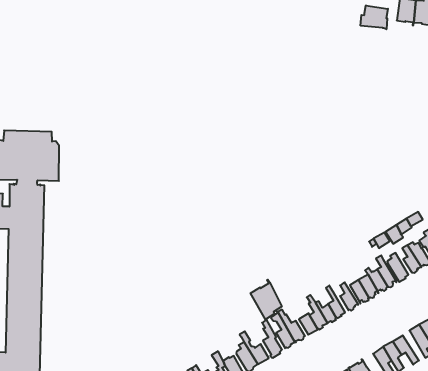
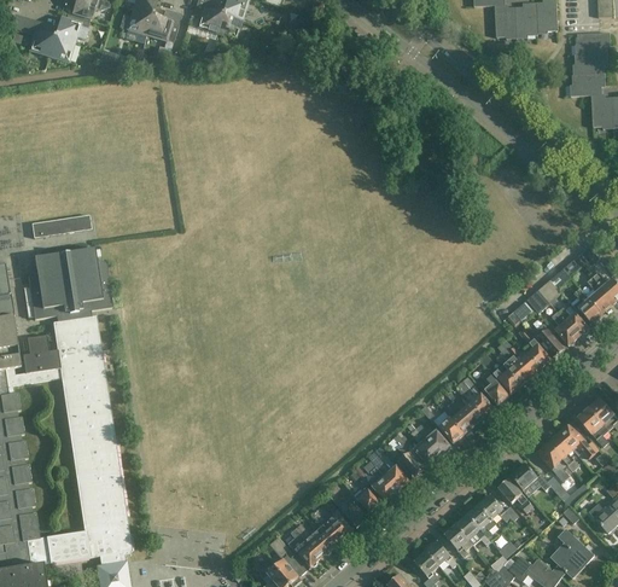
building: [361,5,388,29] -> none
building: none -> [31,214,91,238]
building: [251,280,282,319] -> none

